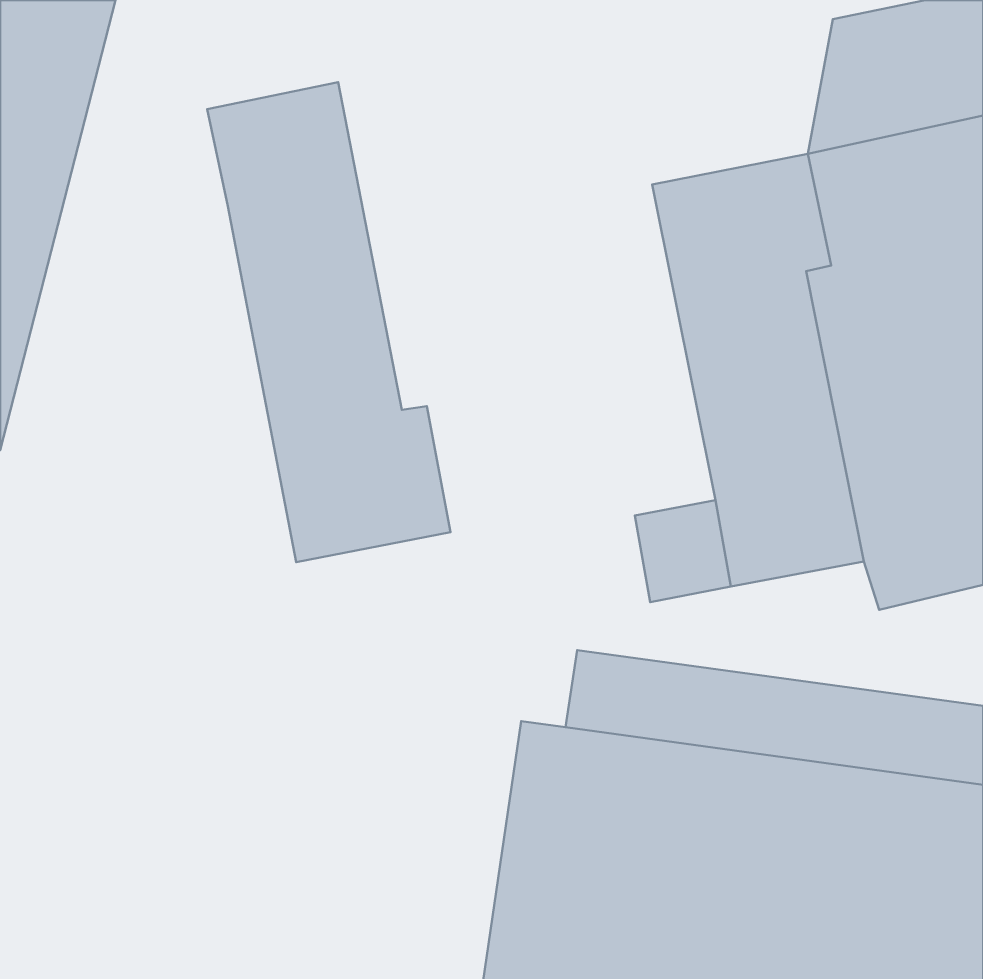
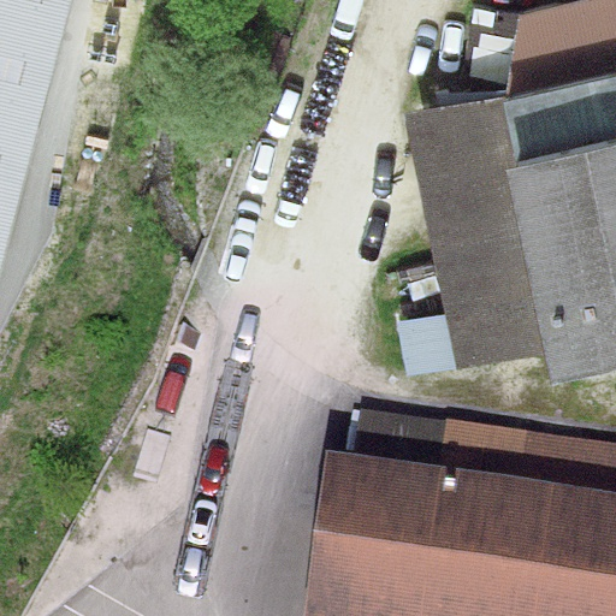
building: [207,82,450,562] -> none

